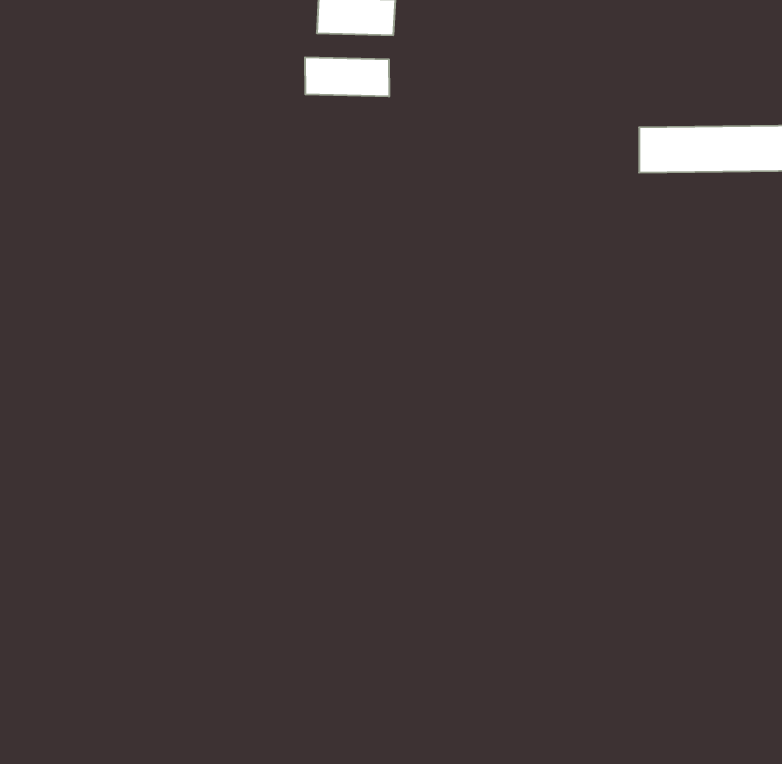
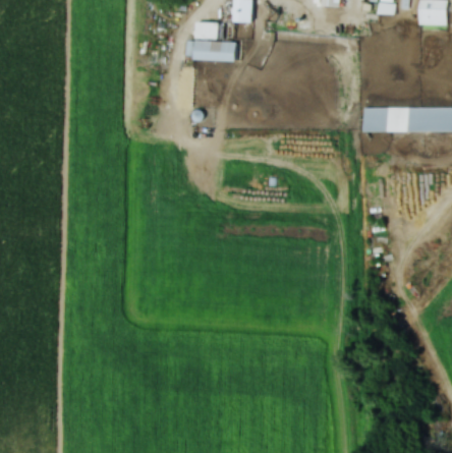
building: [305,57,389,97] -> none

